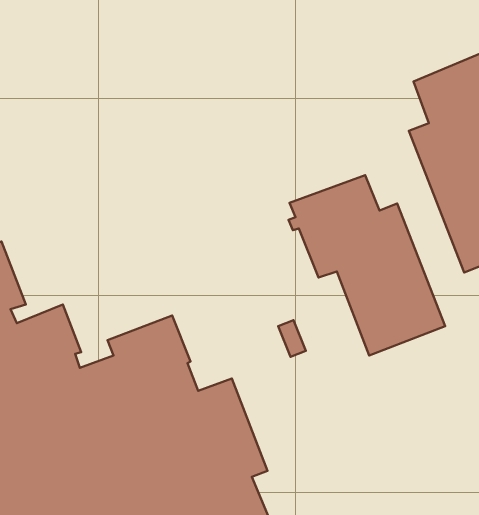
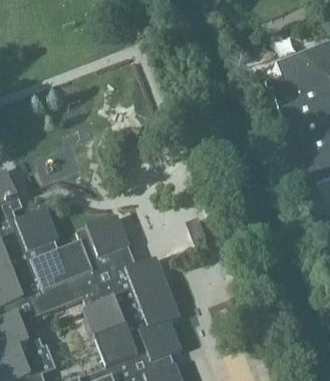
building: [289,175,445,356] -> none

